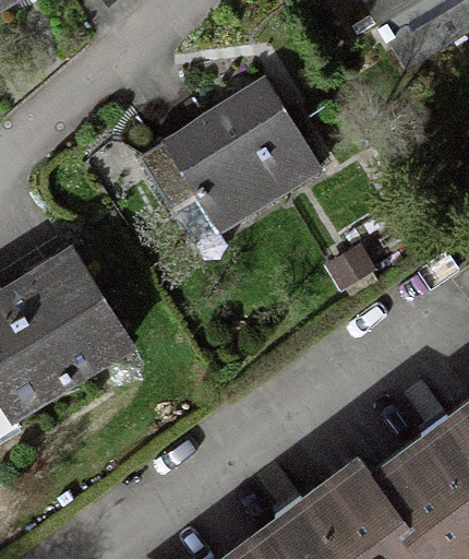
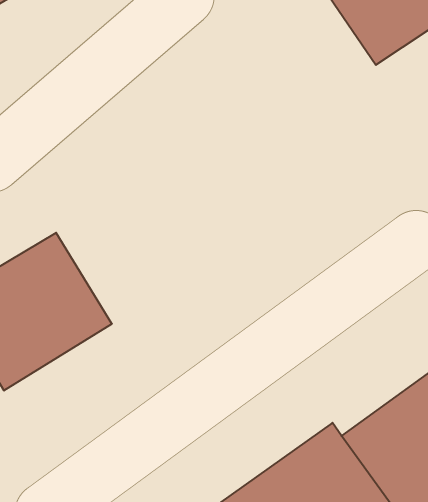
building: [160,80,310,239] -> none

